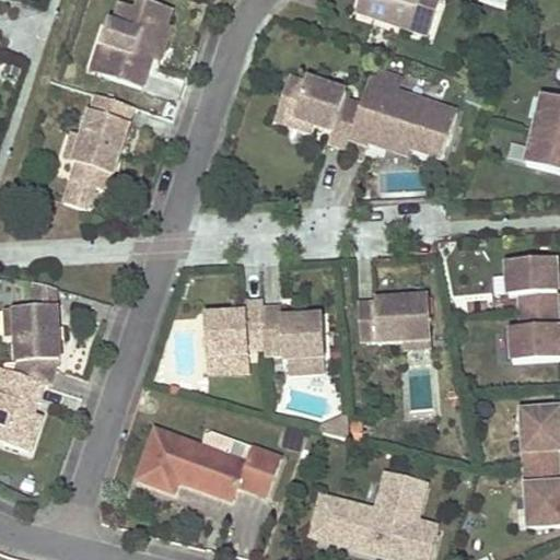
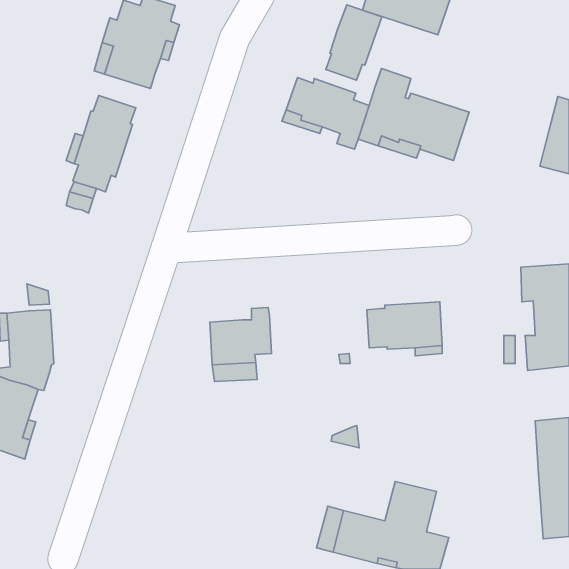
building: none -> [326,5,382,80]
building: [262,306,326,376] -> none
building: [135,425,280,501] -> none

